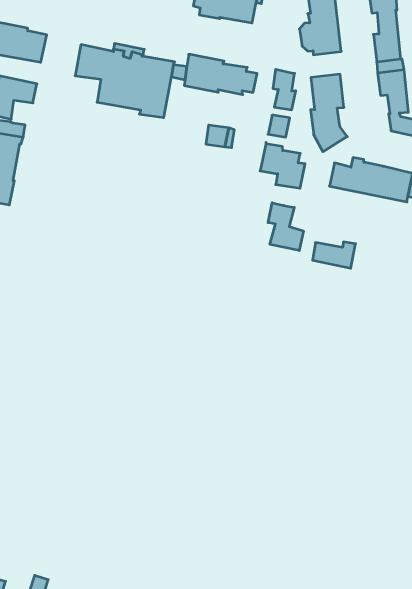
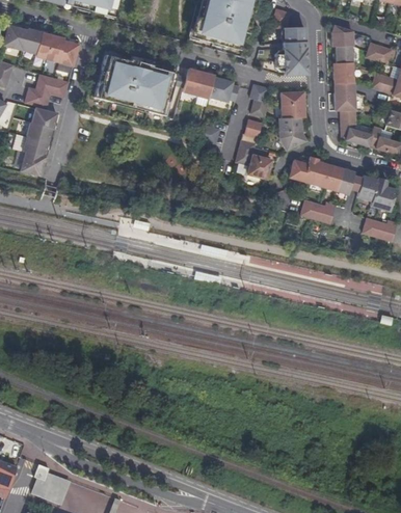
building: none -> [93,78,118,102]
building: [268,203,303,251] -> none
building: [313,242,356,268] -> [302,201,337,223]

